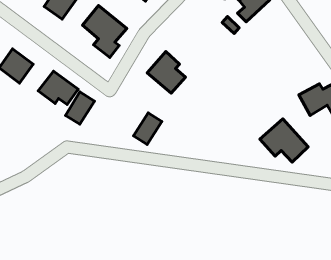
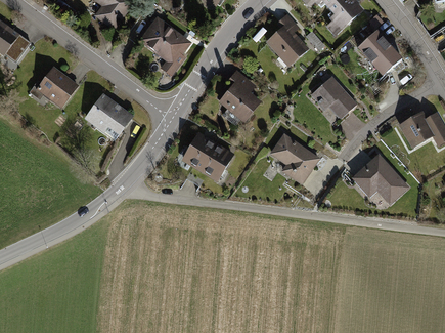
building: none -> [266,13,308,67]
building: none -> [356,28,403,75]
building: none -> [309,74,357,118]
building: [65,92,94,124] -> [182,133,217,172]
building: none -> [269,132,320,183]

